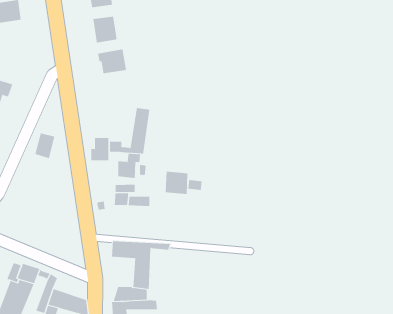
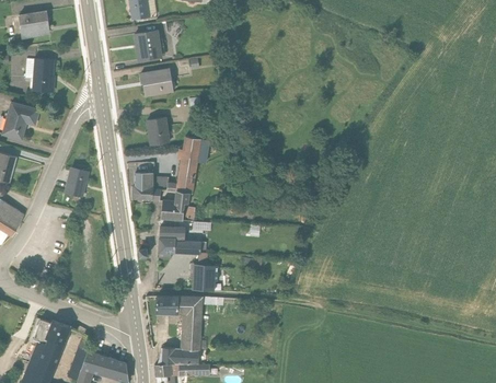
building: none -> [31,58,55,91]
building: none -> [145,117,169,146]
building: [165,171,188,194] -> [188,263,216,290]

